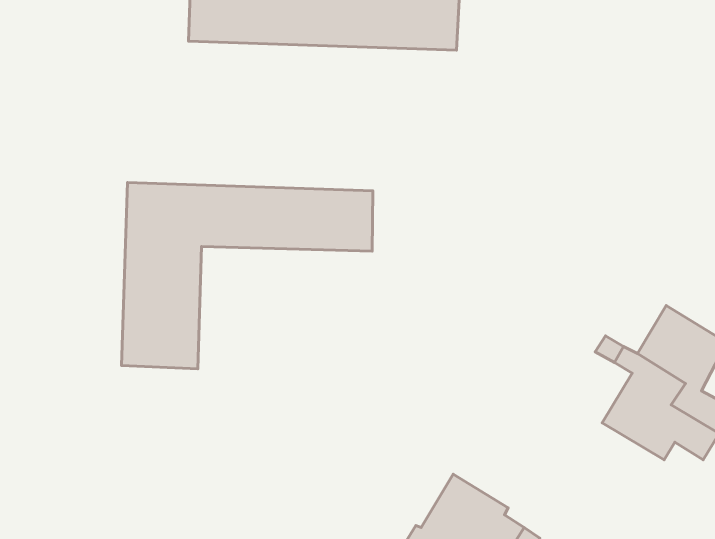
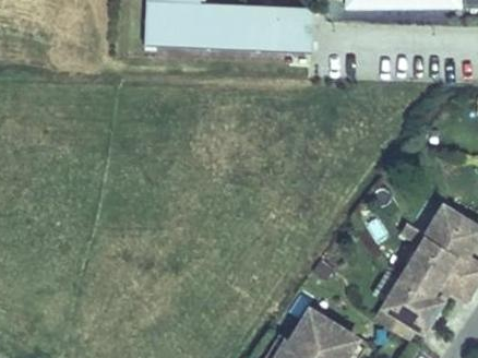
building: [122,183,373,369] -> none
building: none -> [374,278,439,341]

